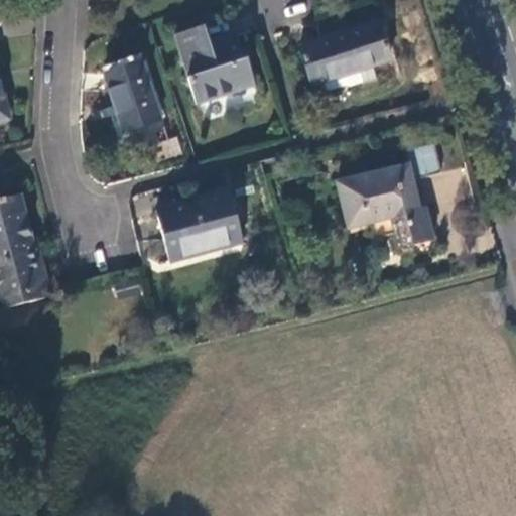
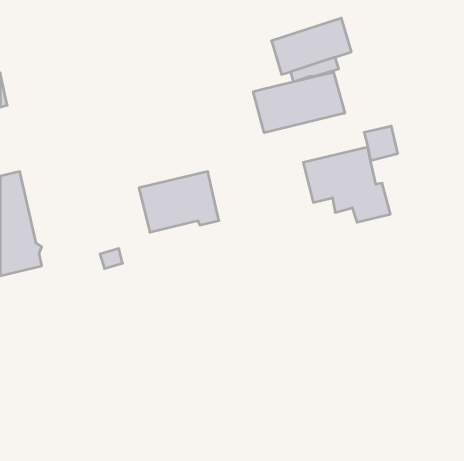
building: [178,22,257,103] -> none
building: [105,60,158,131] -> none
building: none -> [253,72,345,133]

